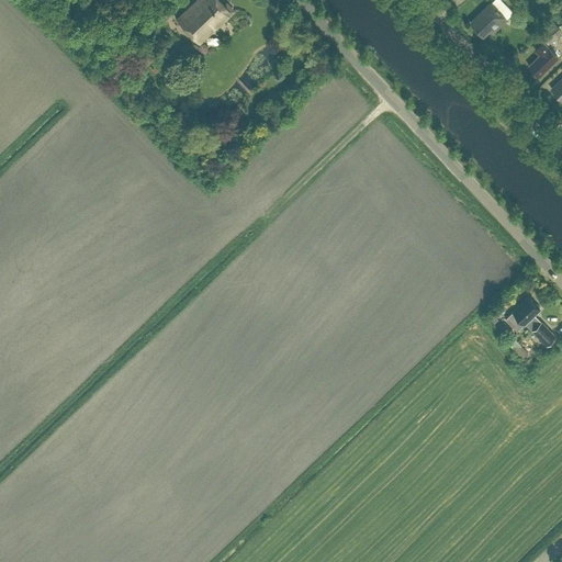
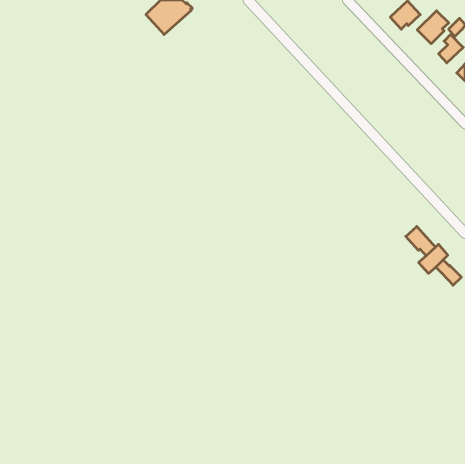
building: none -> [417,11,449,44]
building: none -> [406,226,435,256]

